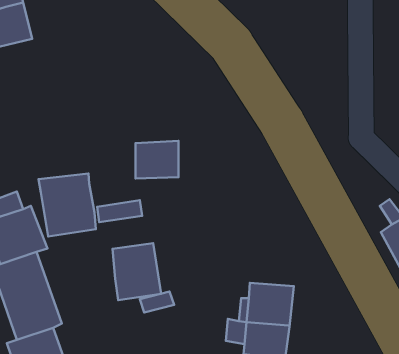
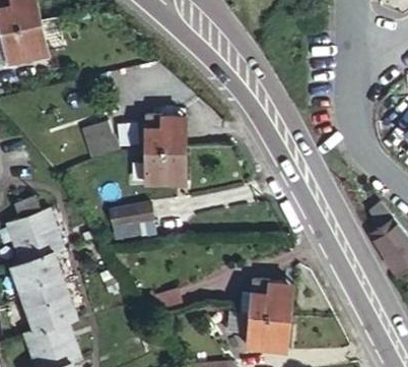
building: none -> [144,115,185,151]
building: none -> [83,125,120,162]
building: [38,174,96,236] -> none
building: [113,243,161,300] -> none

